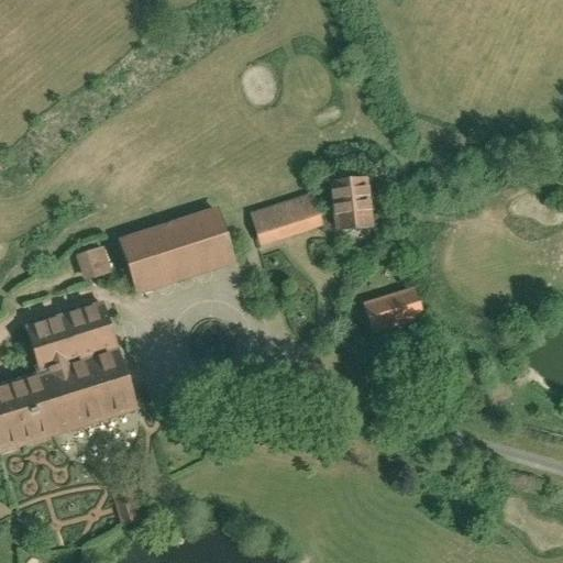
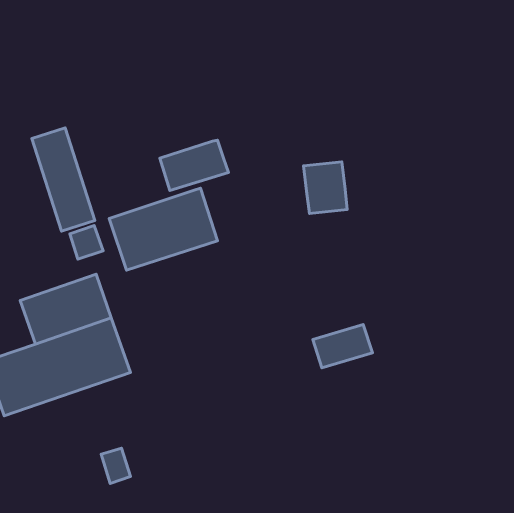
building: none -> [32,128,95,231]
building: [249,191,323,246] -> [160,140,229,191]
building: [360,286,424,333] -> [313,324,372,368]

